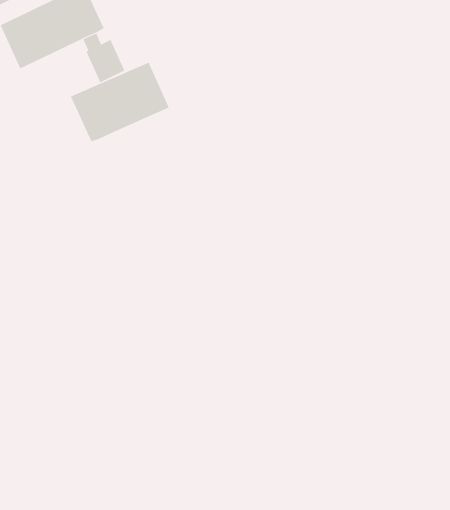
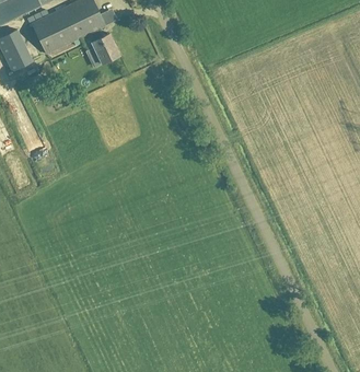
building: [70,62,170,142] -> none

